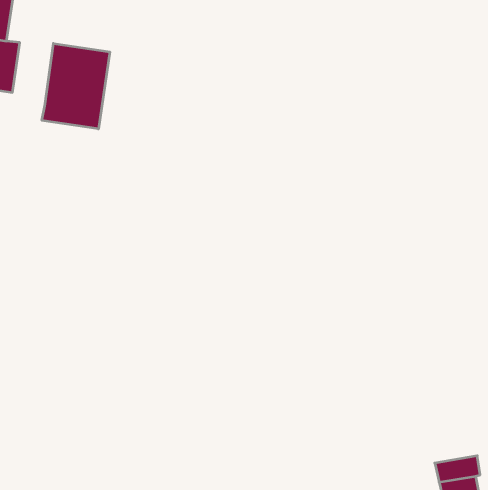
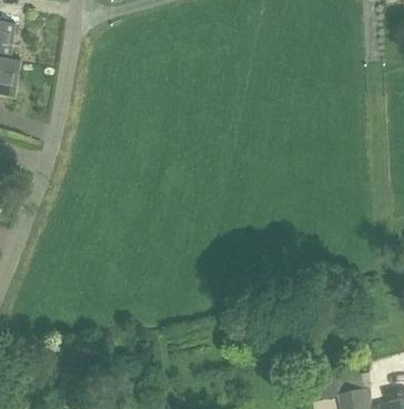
building: [42,43,110,129] -> none

